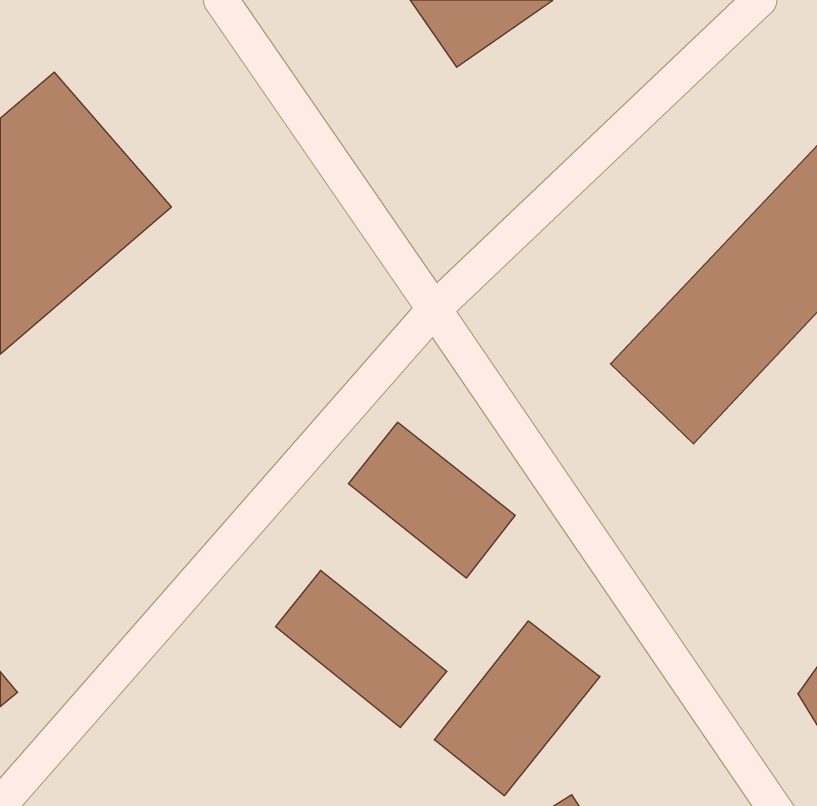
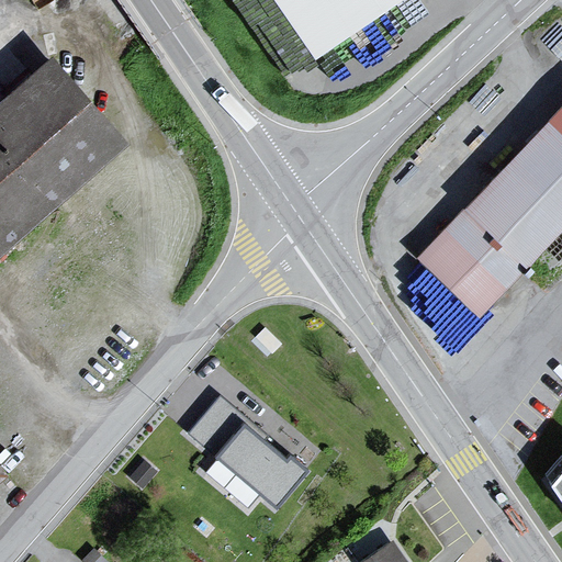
building: [349,422,515,578] -> none
building: [434,621,600,796] -> none

